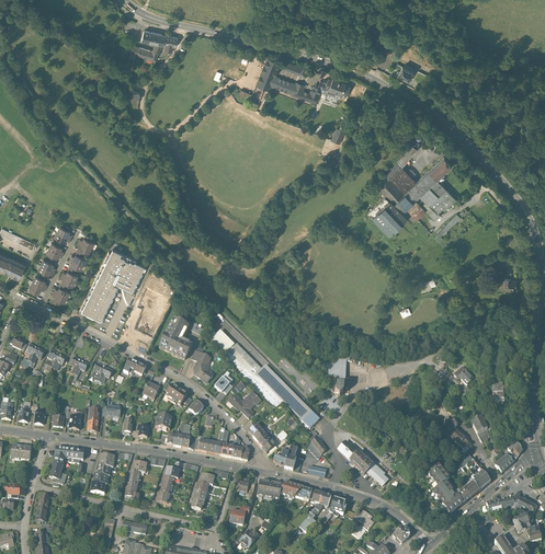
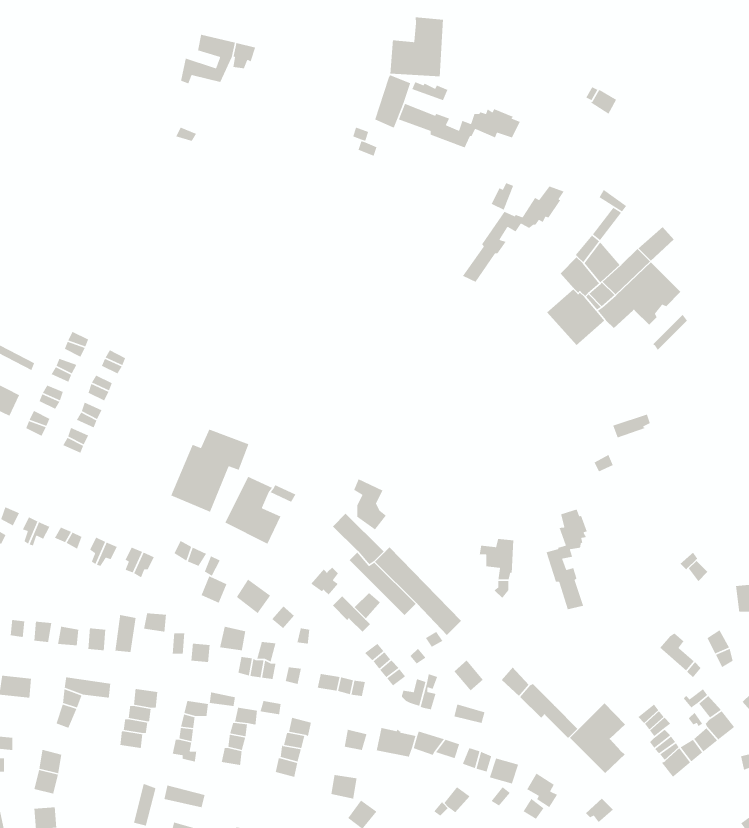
building: none -> [389,17,444,77]
building: none -> [462,185,565,283]
building: [81,249,144,318] -> none
building: none -> [546,508,588,610]
building: [192,350,214,384] -> [353,478,387,531]
building: none -> [569,702,626,774]

